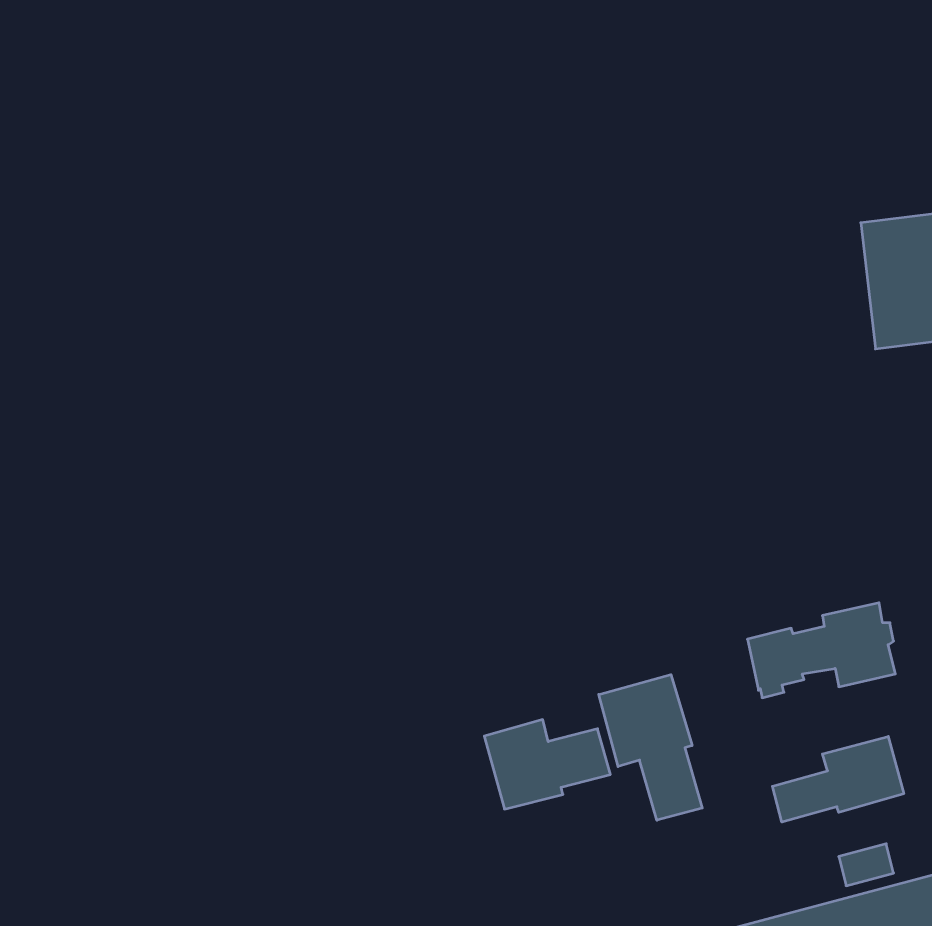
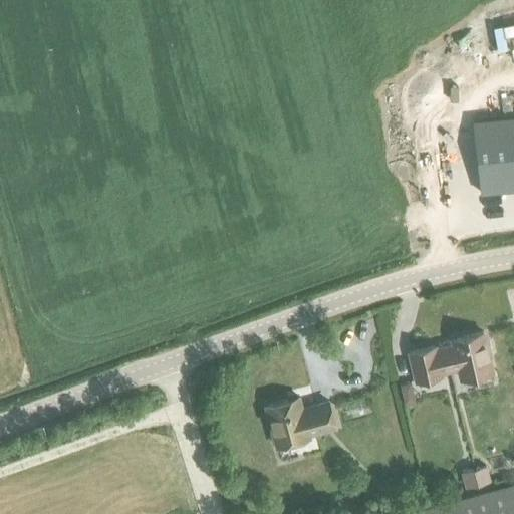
building: [599,675,702,820] -> none
building: [772,736,904,822] -> none

